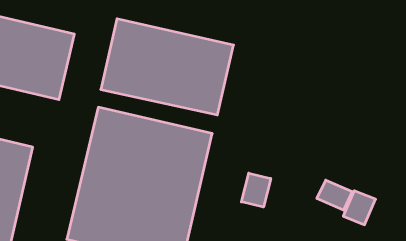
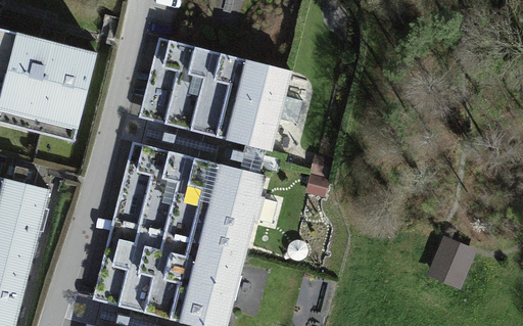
building: [241,173,271,207] -> none
building: [317,180,352,210] -> none

